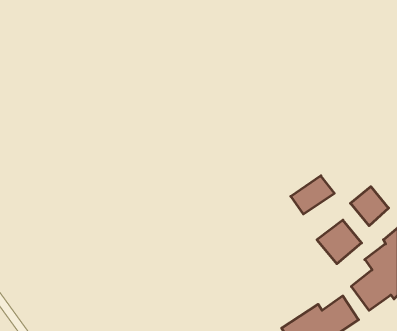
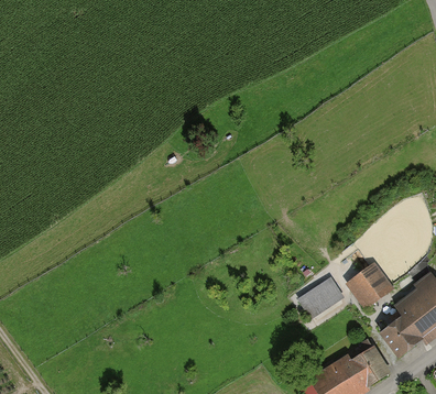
building: [291,176,334,214] -> [297,277,344,318]
building: [350,187,389,226] -> none

